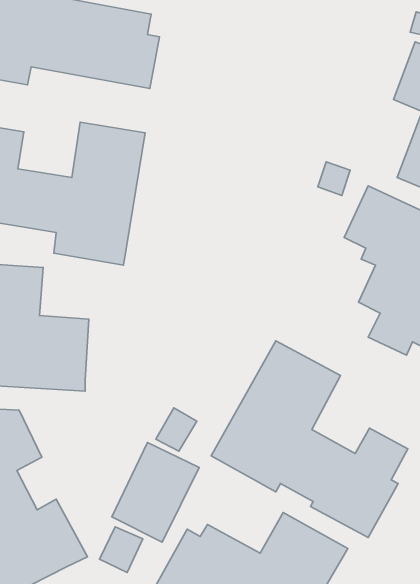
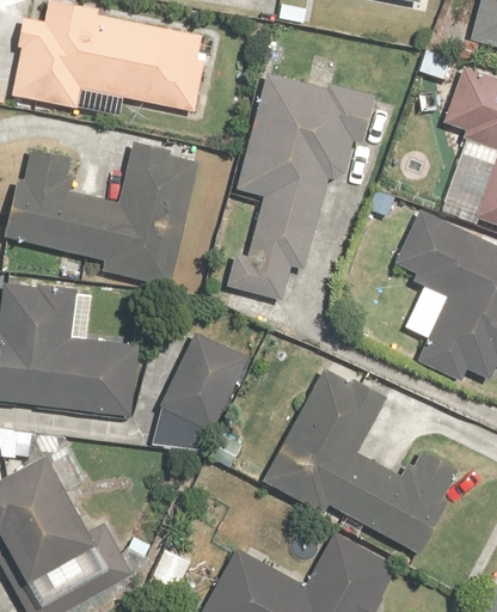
building: none -> [226,53,374,301]
building: [112,442,199,542] -> [160,332,247,432]

